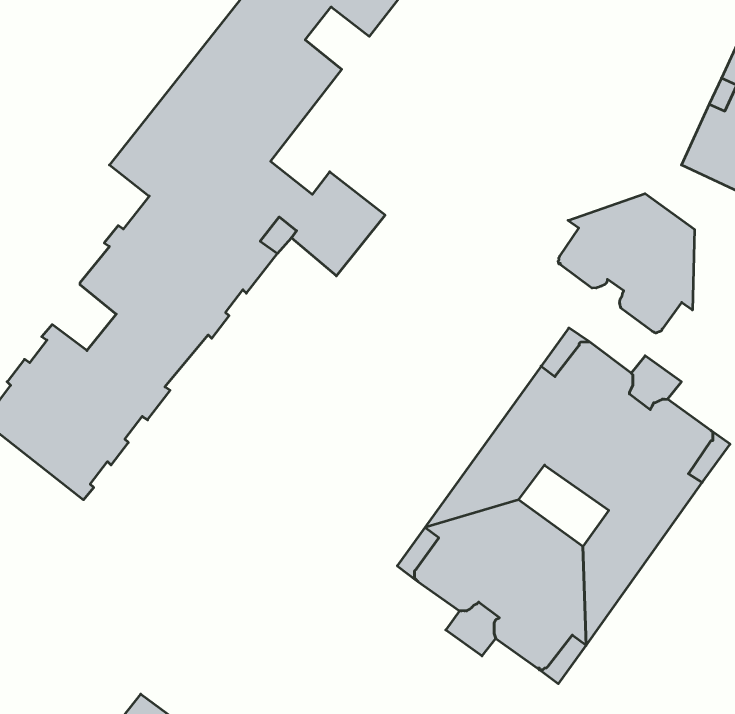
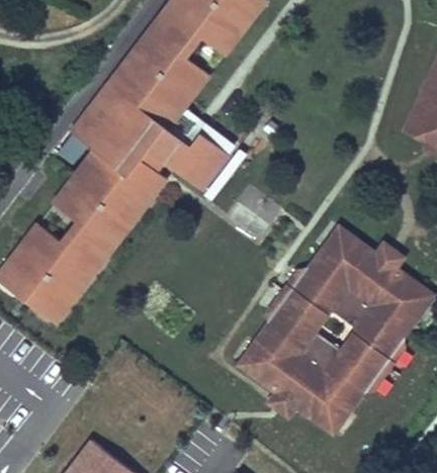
building: [558,194,694,333] -> none

